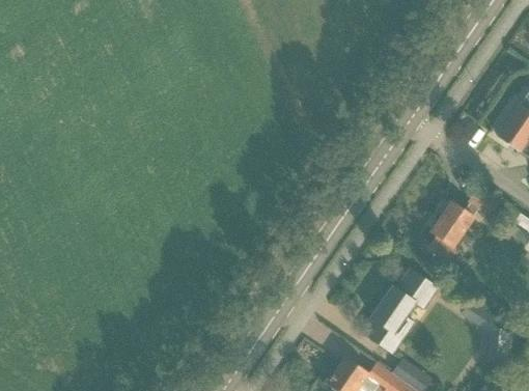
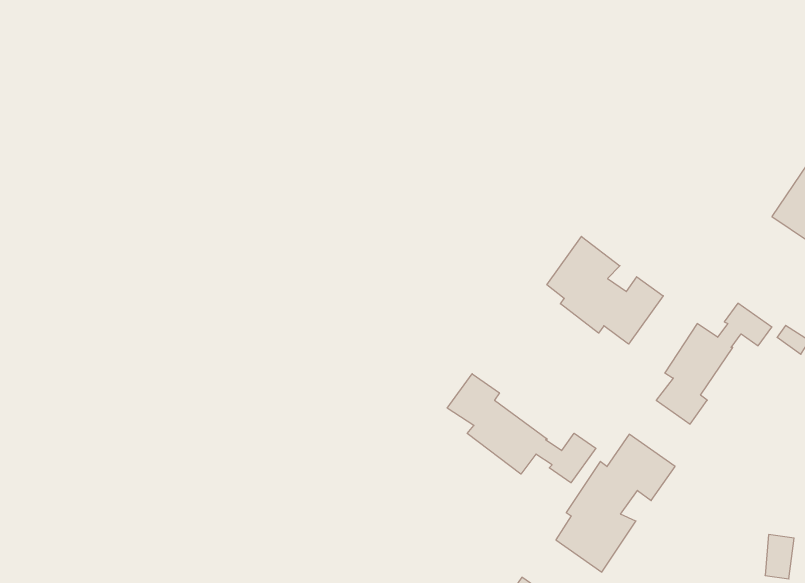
building: none -> [547,236,663,344]
building: none -> [447,374,596,483]

